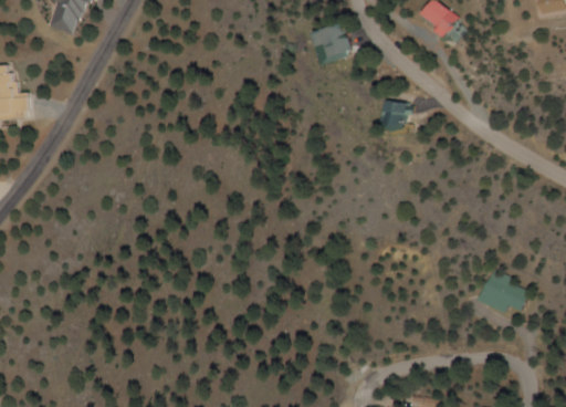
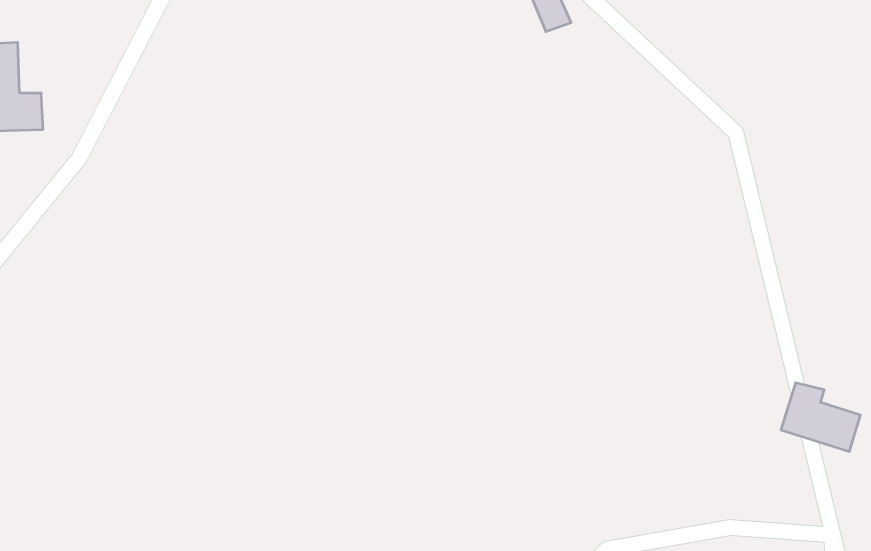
building: [385,100,408,126] -> none

